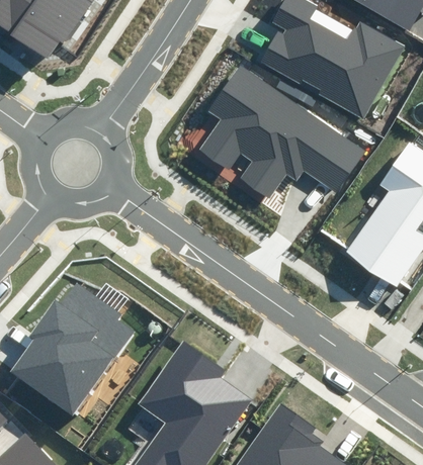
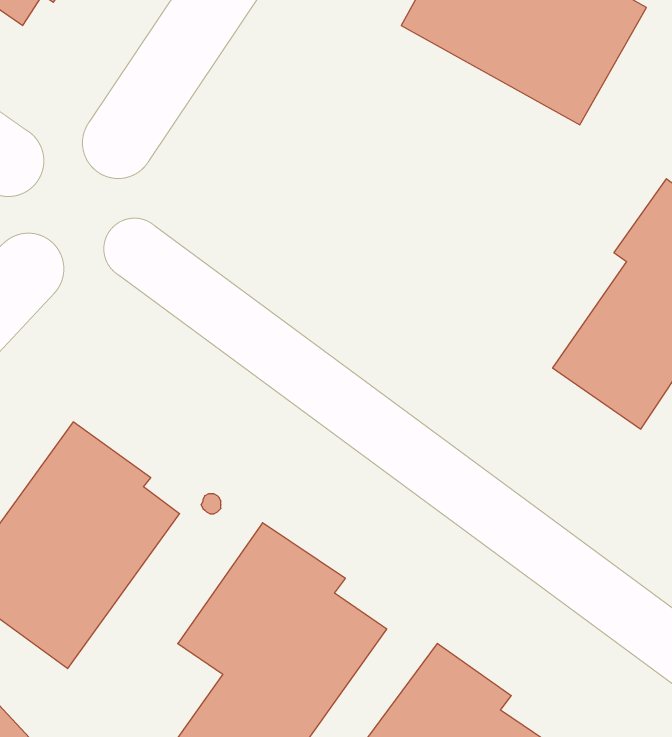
building: [192,63,364,197] -> none

